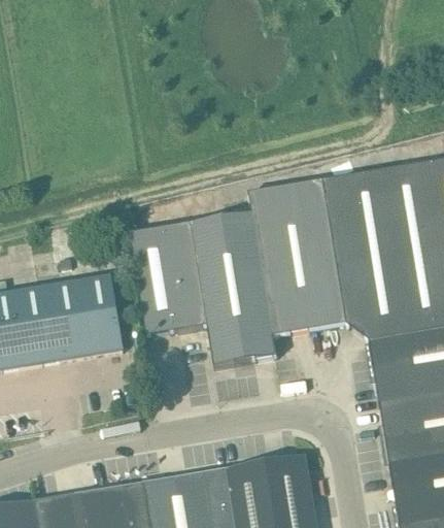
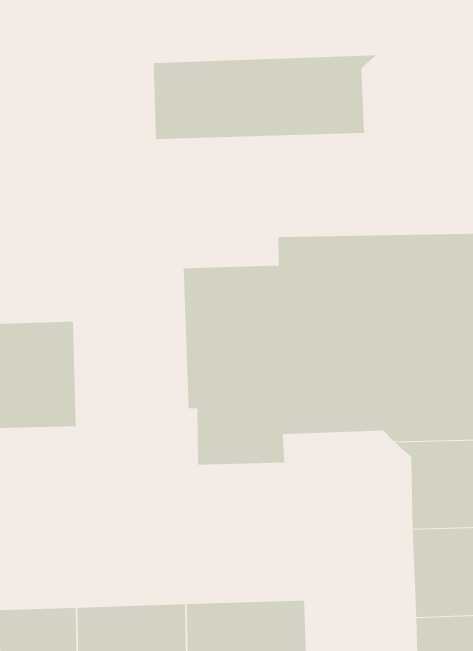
building: none -> [153,55,378,140]
building: [129,224,202,335] -> none

